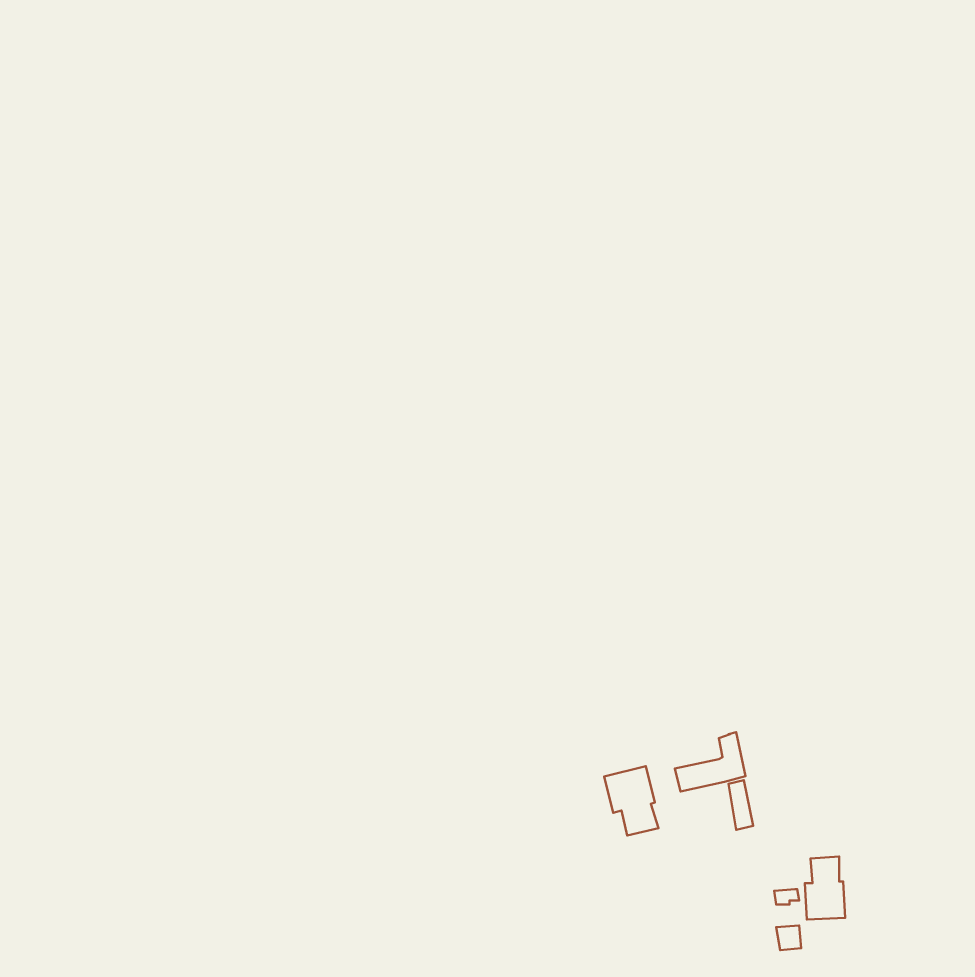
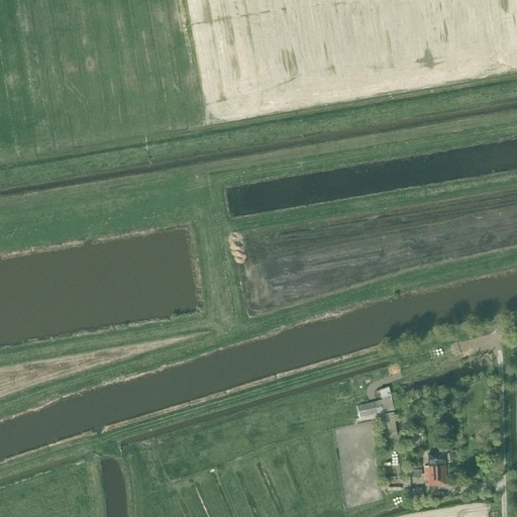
building: [604,766,658,836] -> none

